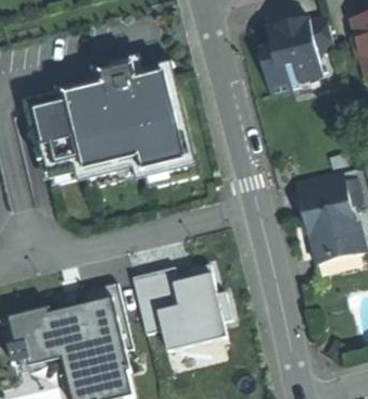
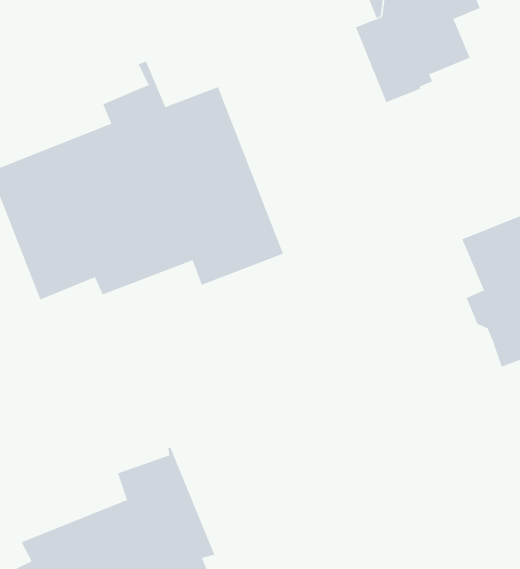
building: [129,262,228,350] -> none

